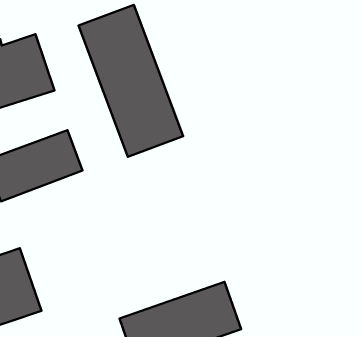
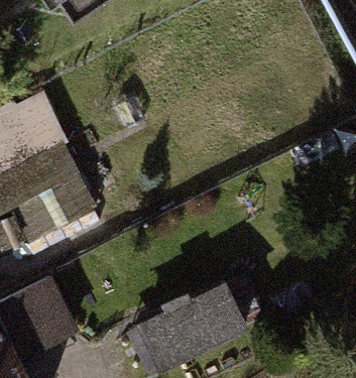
building: [78,5,183,157] -> none

